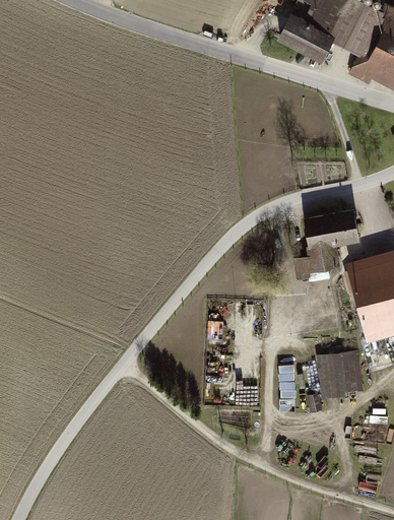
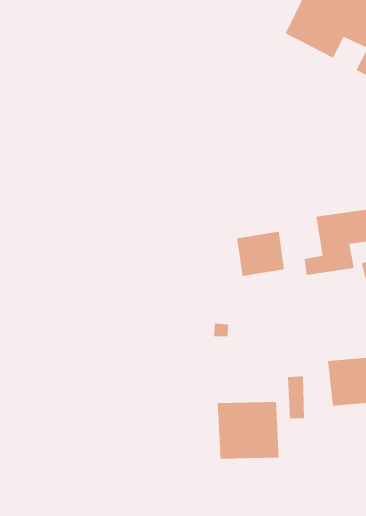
building: none -> [237,231,285,277]
building: none -> [217,401,279,460]

